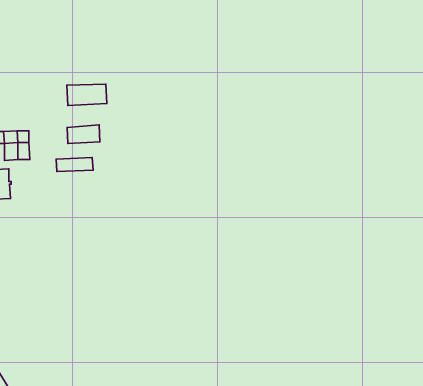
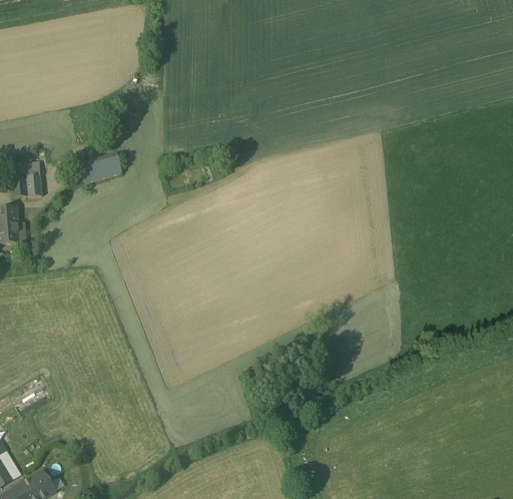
building: [67,84,107,106] -> none
building: [56,157,93,172] -> none

